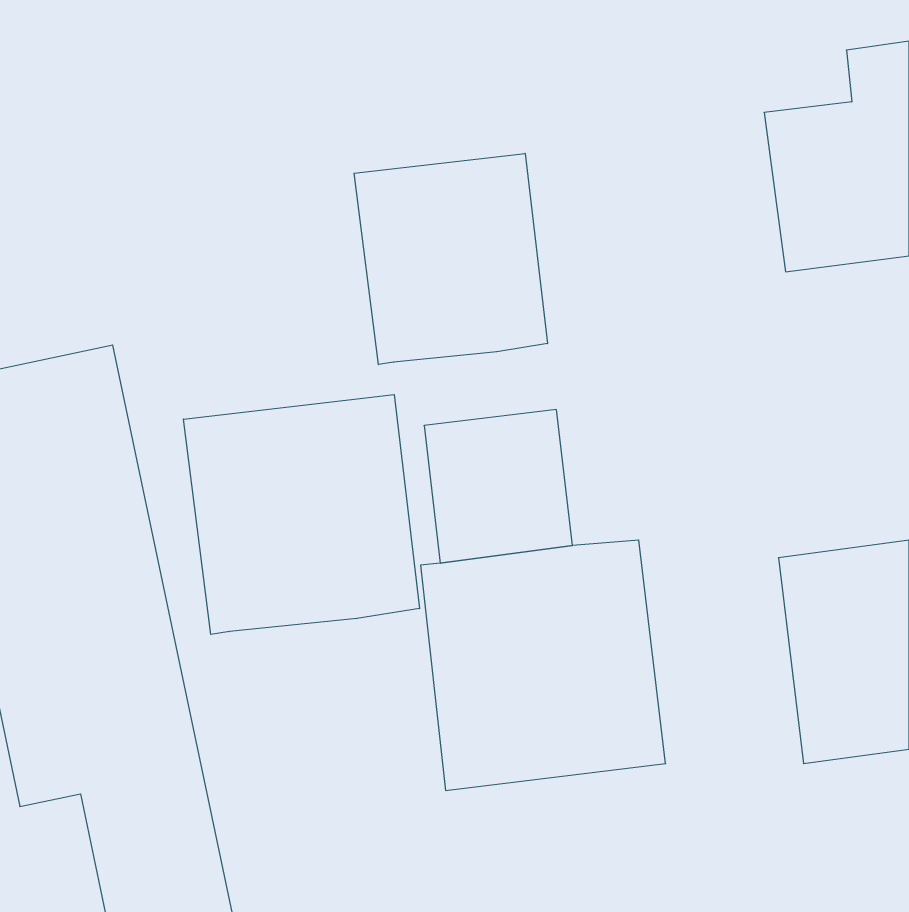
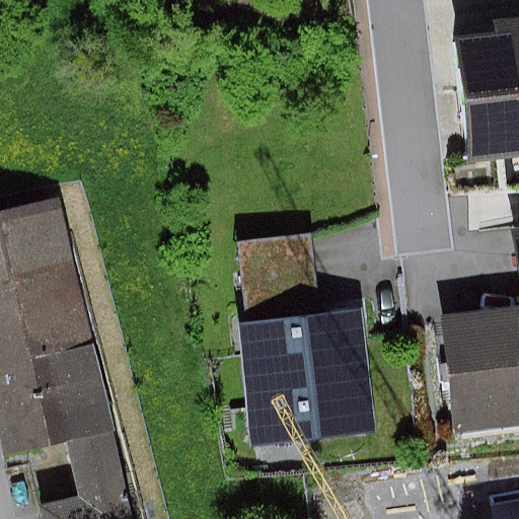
building: [354,153,548,365] -> none
building: [183,395,420,634] -> none

